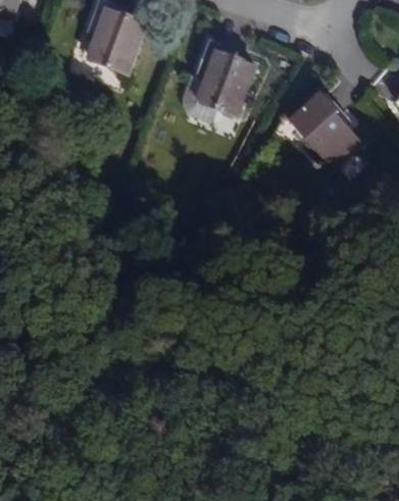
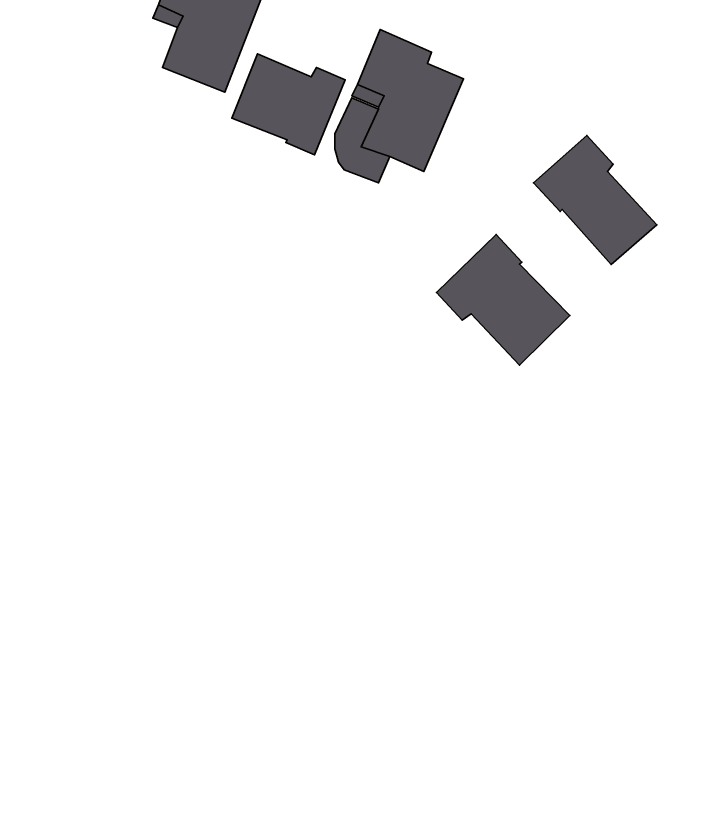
building: none -> [232,54,345,155]
building: none -> [436,235,570,365]

